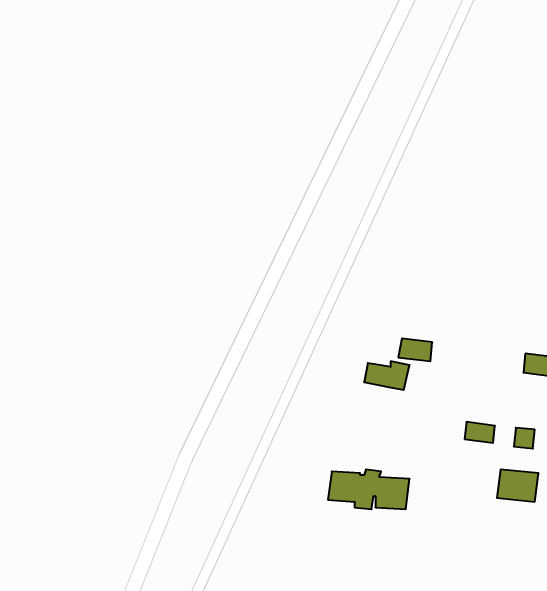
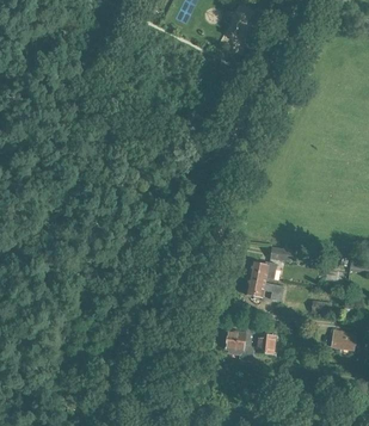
building: none -> [244,273,283,300]

